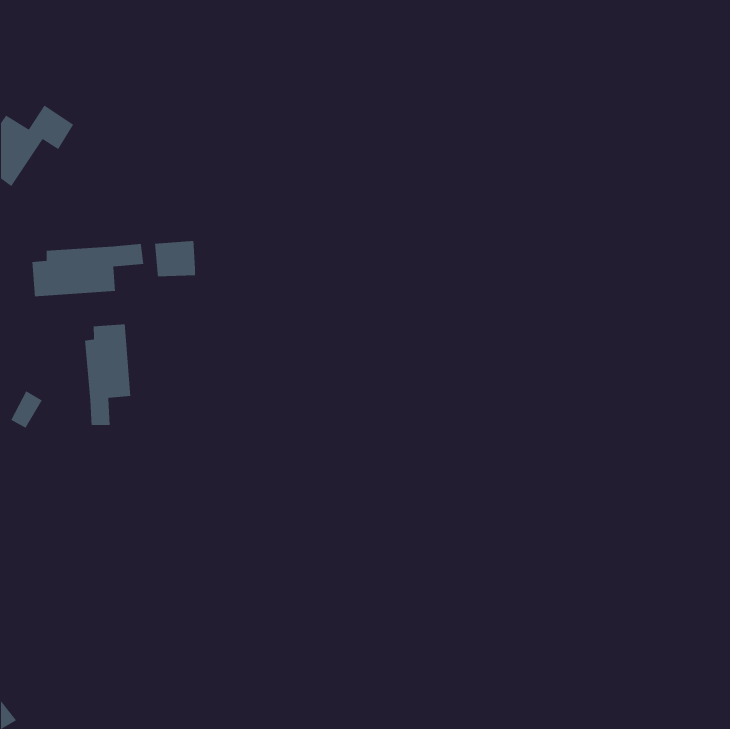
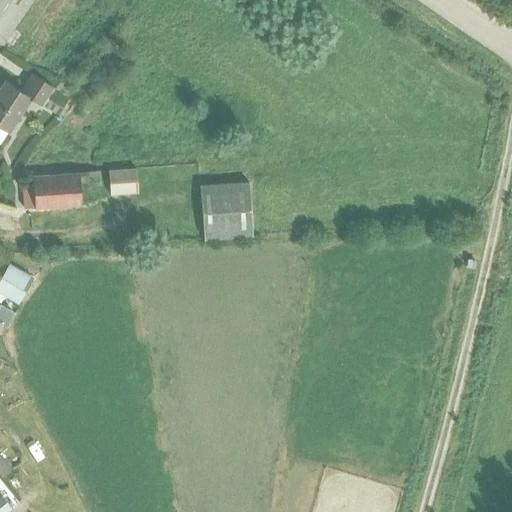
building: none -> [199,183,252,239]
building: [84,324,131,426] -> none

